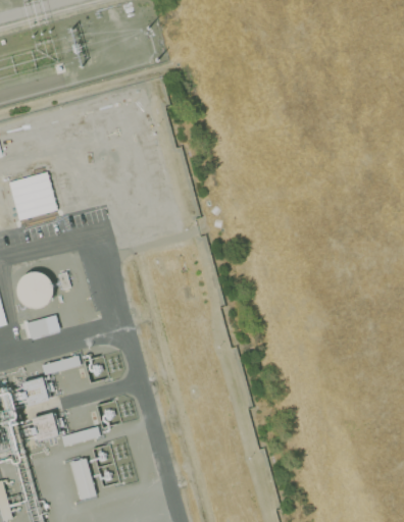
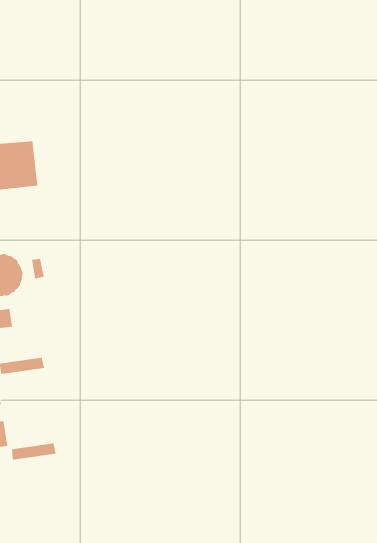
building: [70,458,97,499] -> none

